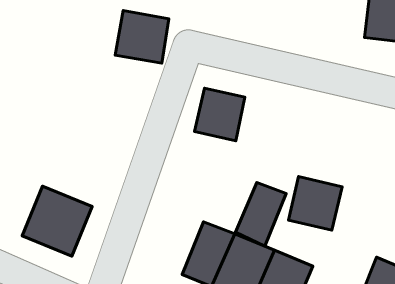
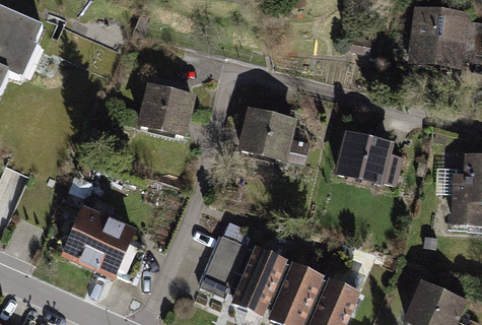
building: [115,11,169,63] -> [139,84,193,137]
building: [288,177,342,230] -> [338,130,392,184]
building: [235,182,286,246] -> [199,234,250,298]

